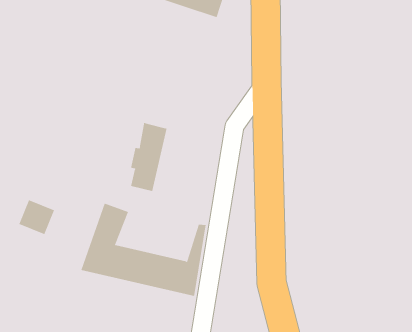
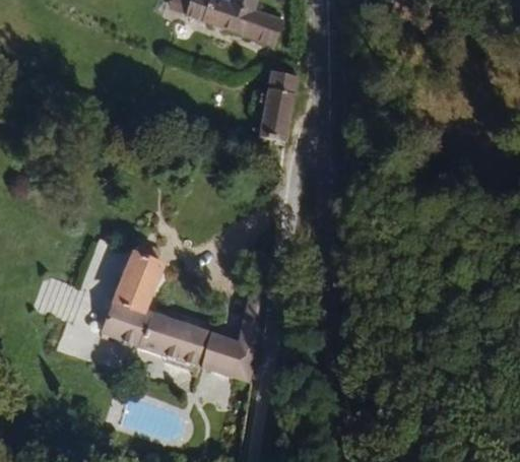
building: none -> [259,64,297,138]
building: [131,122,167,192] -> none

